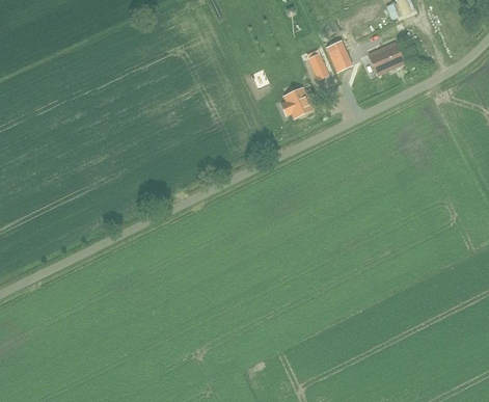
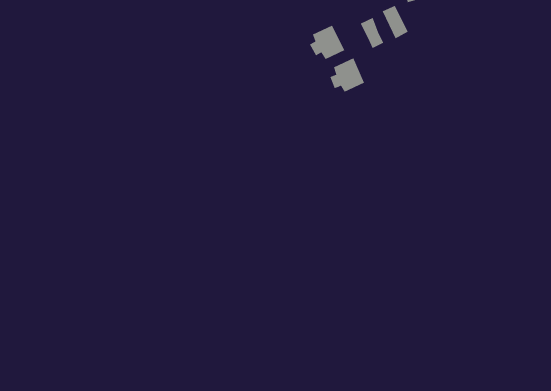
building: [370,42,405,74] -> none
building: none -> [309,25,345,60]

